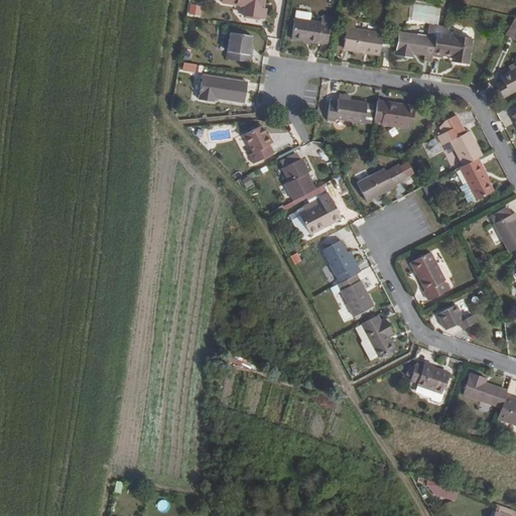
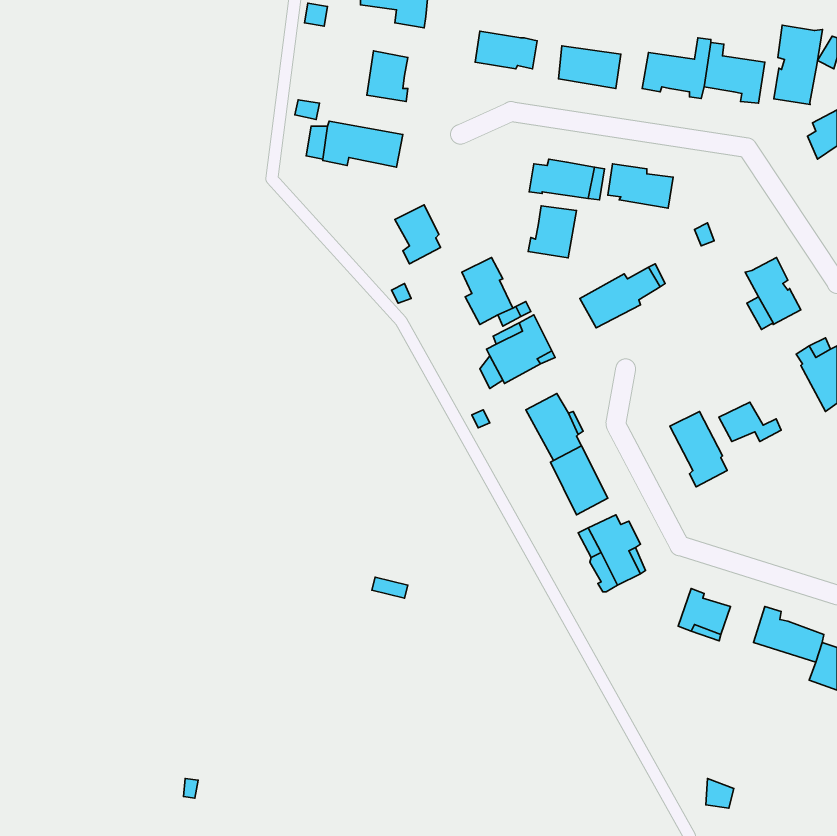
building: none -> [774,25,822,105]
building: [437,115,482,166] -> none
building: none -> [528,206,576,258]
building: [438,304,477,329] -> [719,402,781,442]

